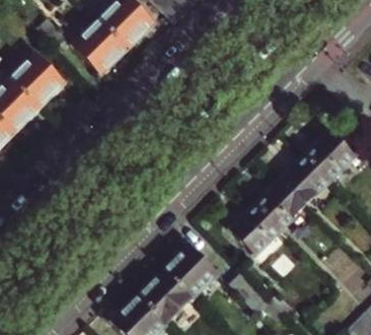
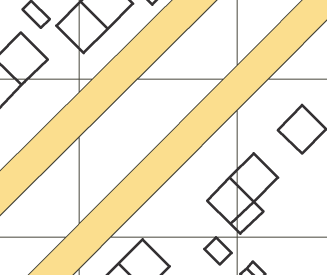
building: [280,154,330,204] -> none
building: [163,243,218,297] -> none

